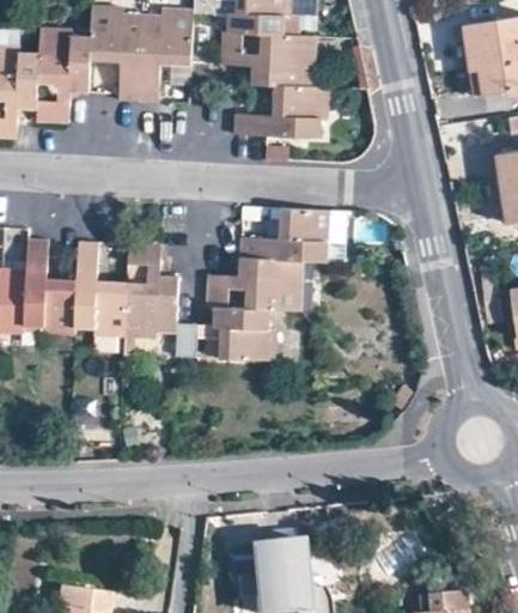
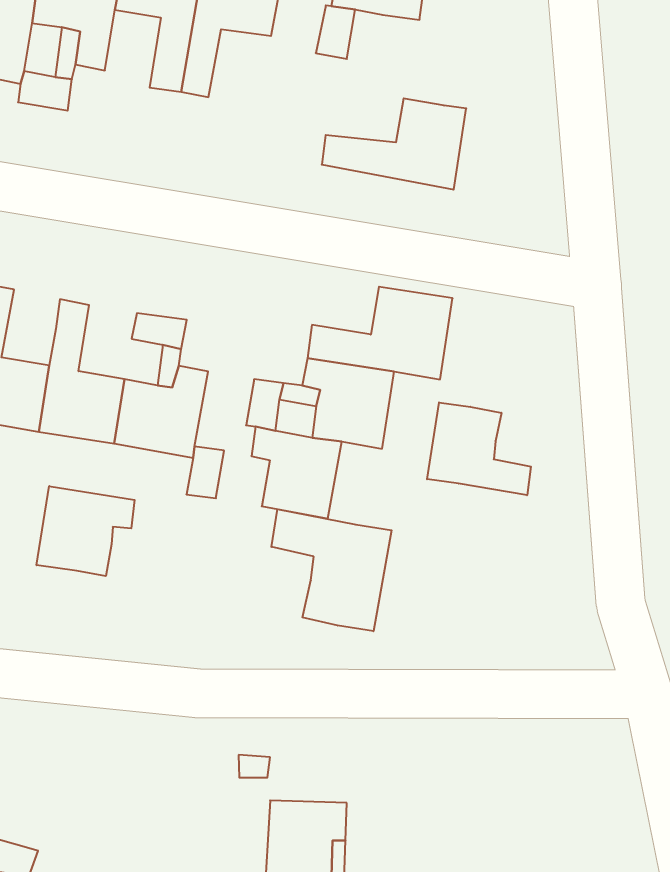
building: [250,34,309,86] -> none
building: none -> [427,402,531,495]
building: none -> [271,509,392,631]
building: none -> [37,486,135,576]

